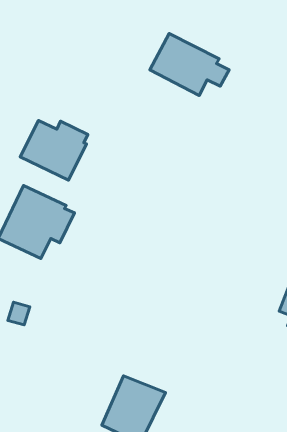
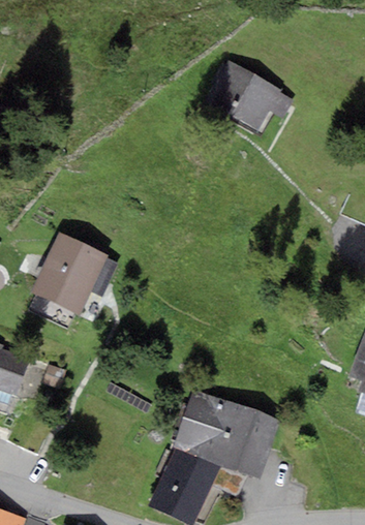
building: [20,121,88,180] -> none
building: none -> [173,390,279,478]

